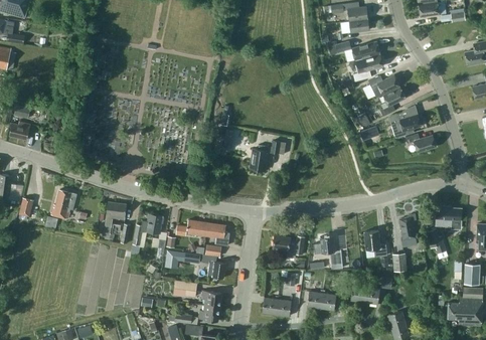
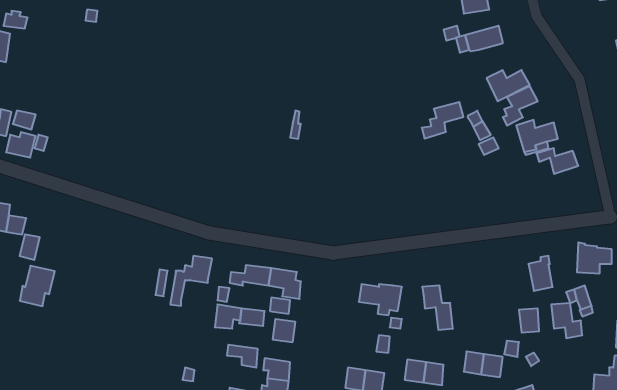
building: [352,54,383,81] -> [422,102,463,138]
building: [250,140,279,170] -> none
building: [50,189,76,219] -> [20,266,55,306]
building: [103,201,126,240] -> none
building: [363,230,386,257] -> [551,303,582,338]

